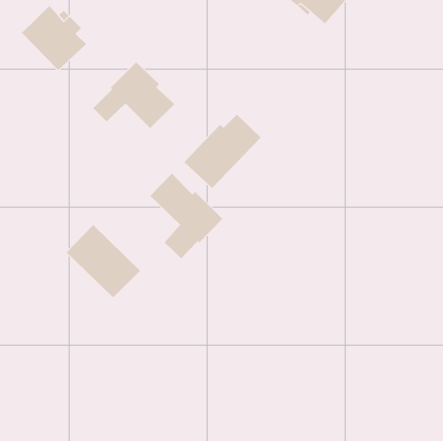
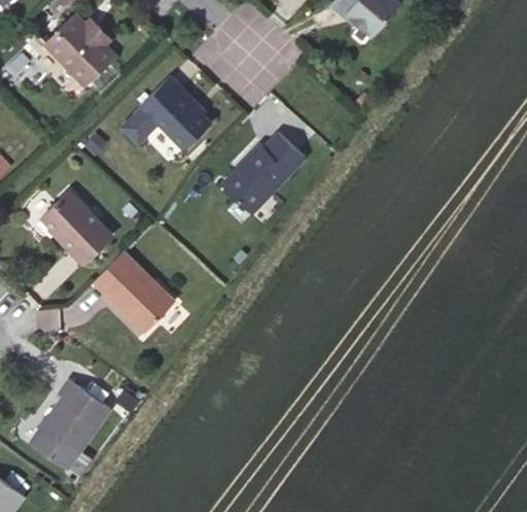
building: none -> [40,192,111,264]
building: [150,173,223,259] -> none
building: none -> [30,380,109,470]

